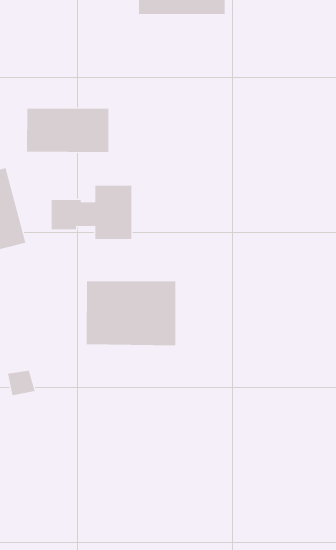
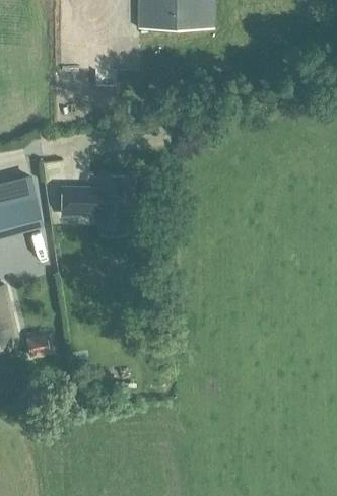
building: [27,108,109,153] -> none
building: [86,281,176,346] -> none

